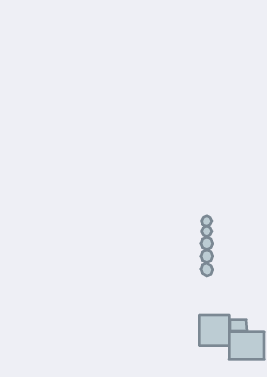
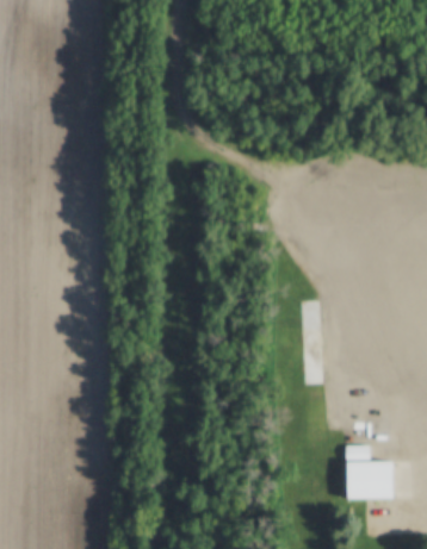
building: [200,315,229,346] -> none

